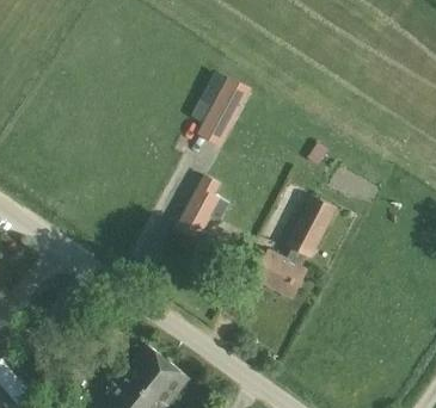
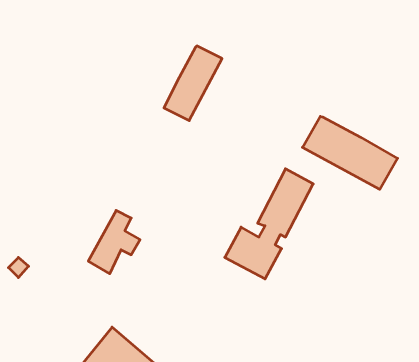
building: none -> [302,116,398,189]
building: [177,177,226,236] -> [88,210,140,274]

